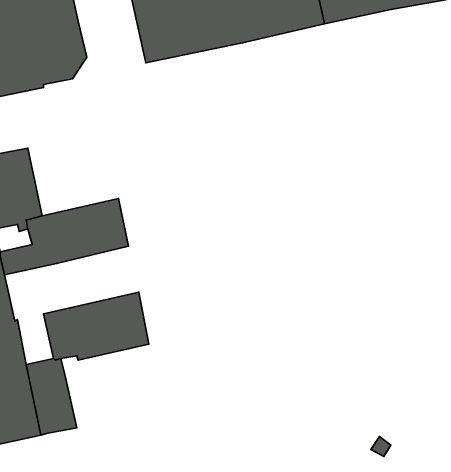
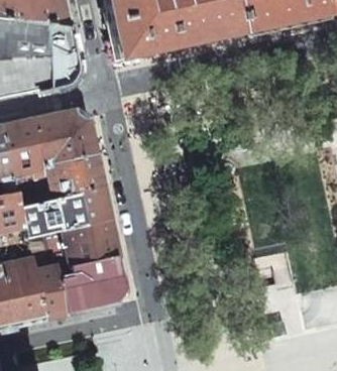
building: none -> [34,111,98,167]
building: none -> [21,189,112,241]
building: none -> [61,257,127,316]

